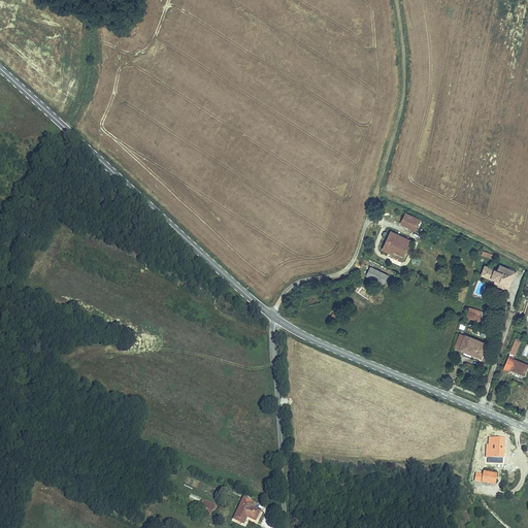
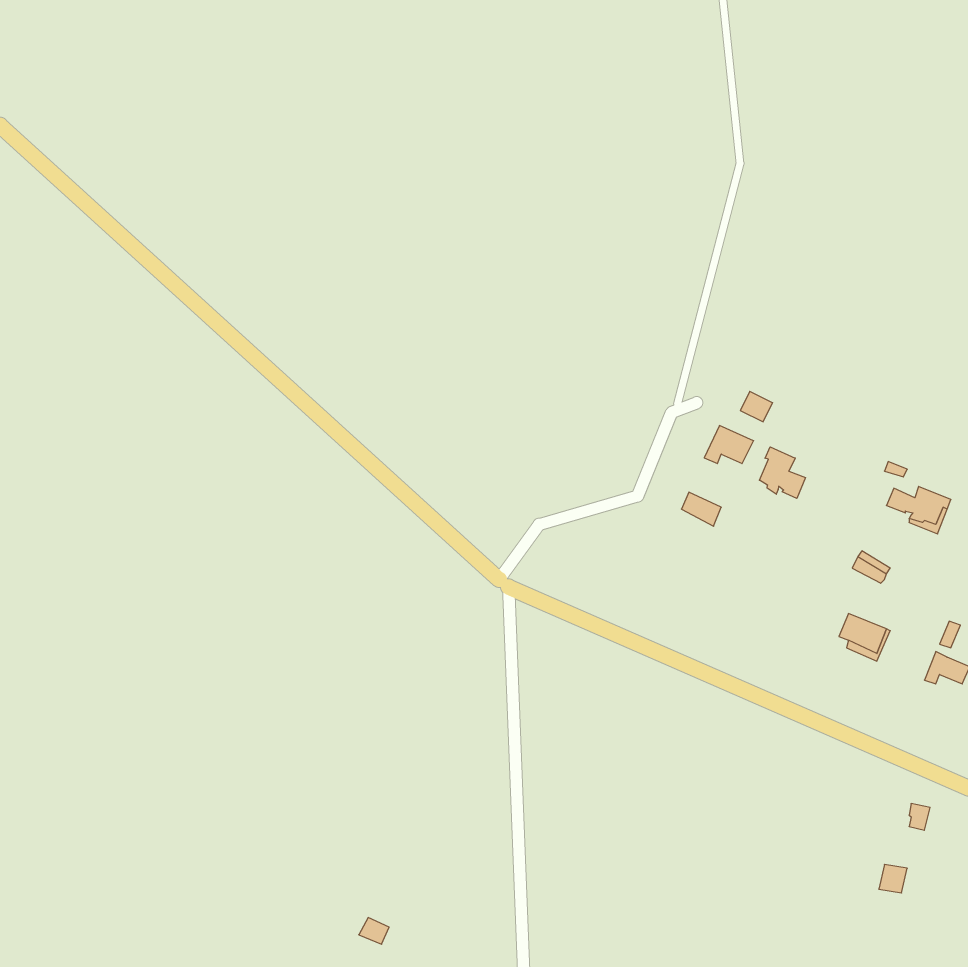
building: none -> [759,447,806,498]
building: [230,494,258,521] -> none

